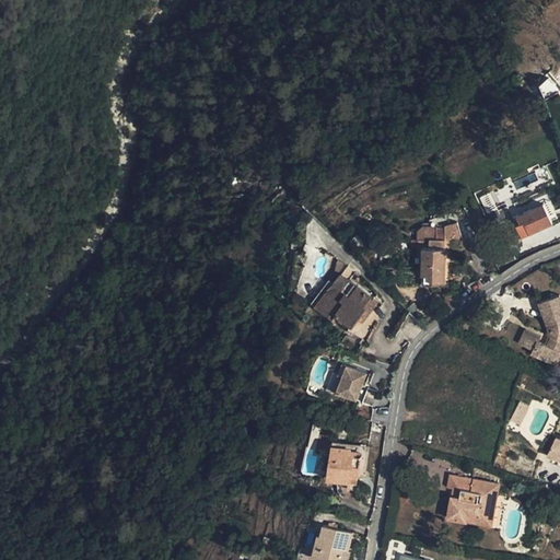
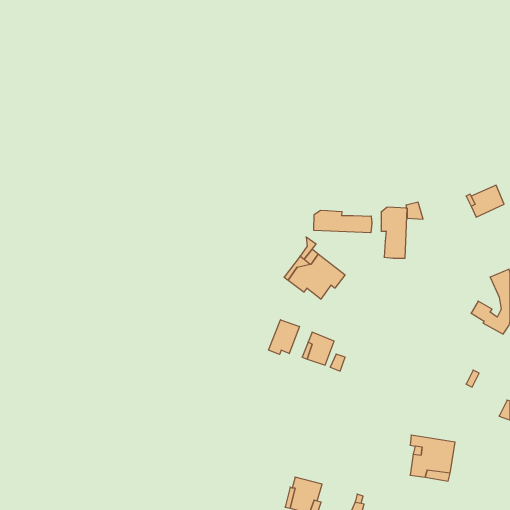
building: none -> [314,210,372,233]
building: none -> [268,320,299,354]
building: [326,446,361,485] -> none

